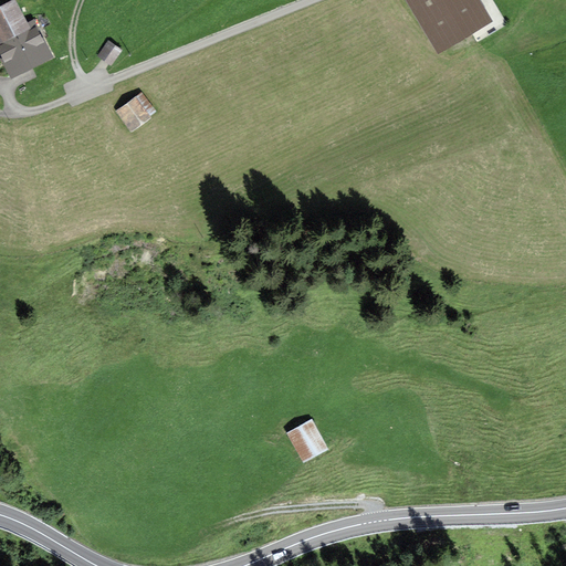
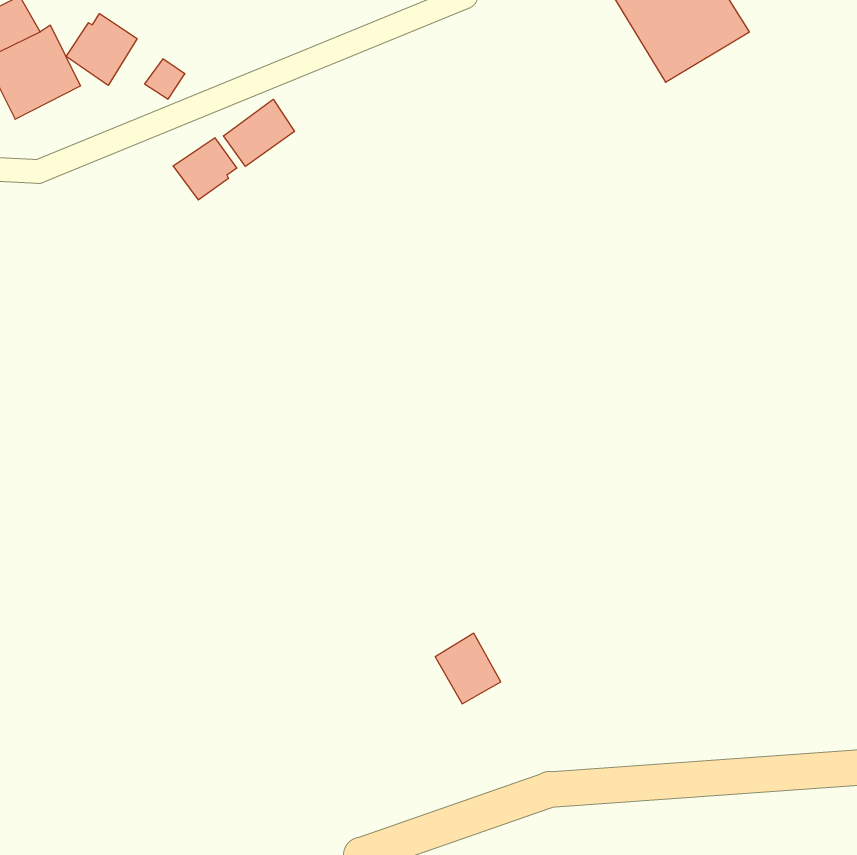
building: none -> [66,14,137,85]
building: none -> [223,99,294,166]

